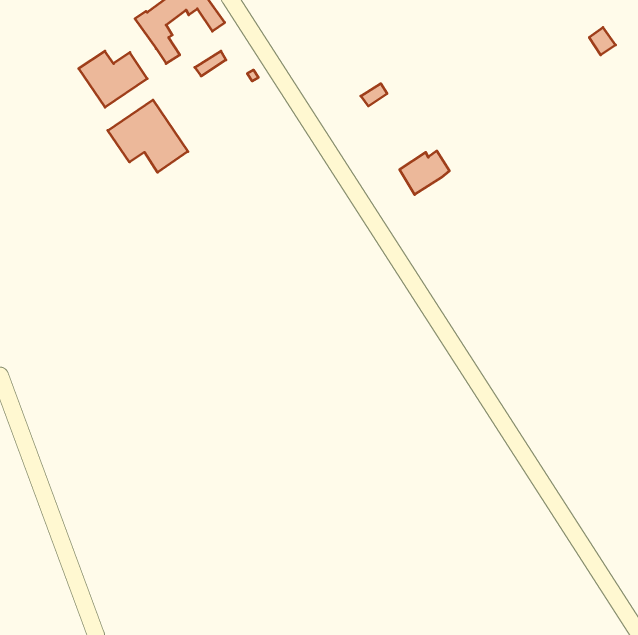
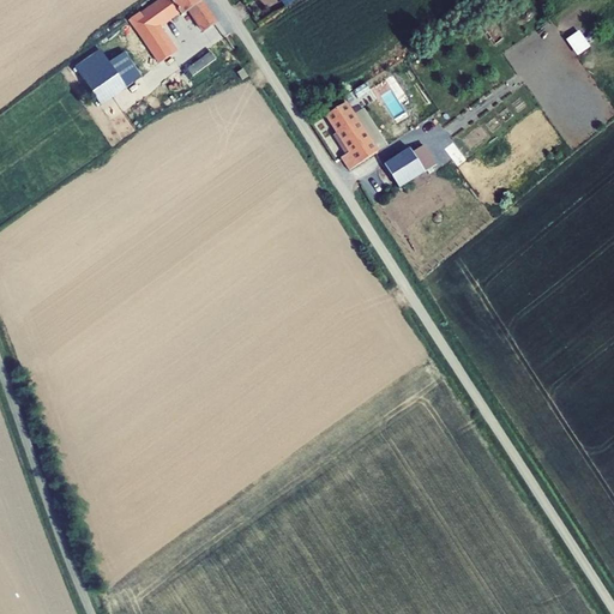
building: [108,100,188,172] -> none
building: none -> [326,101,378,168]

